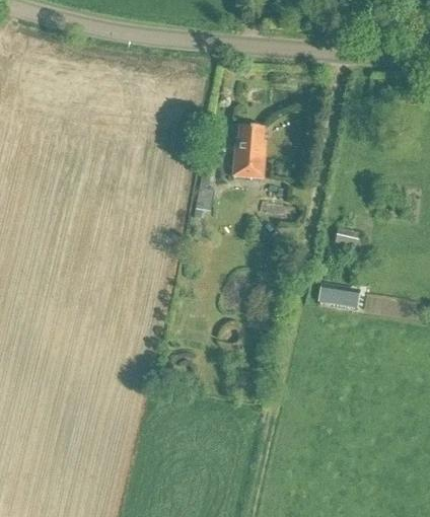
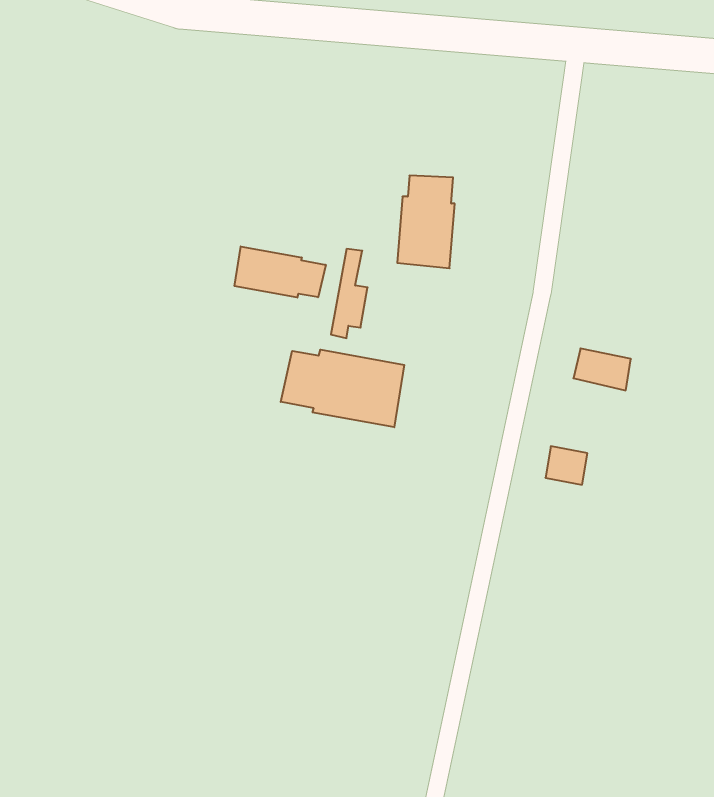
building: none -> [235,246,326,298]
building: none -> [281,350,404,427]

